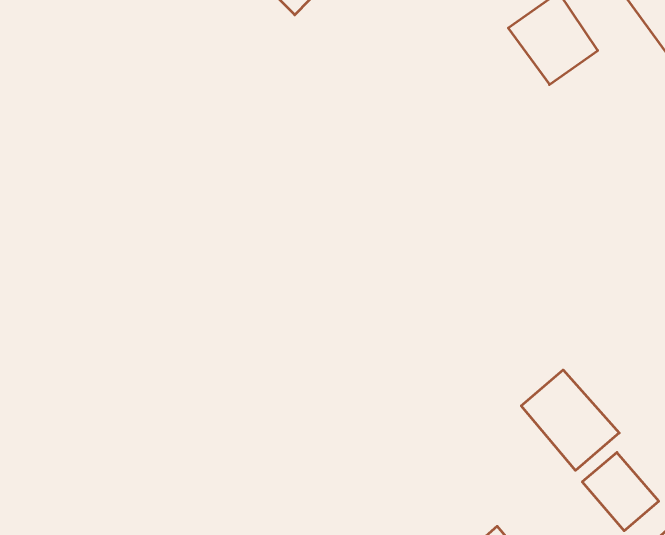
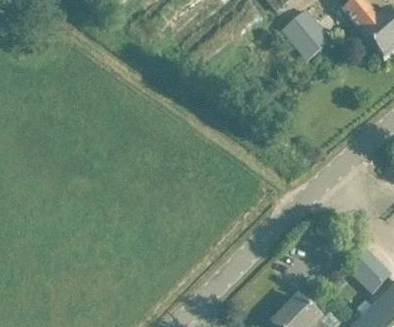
building: [521,370,619,470] -> none

